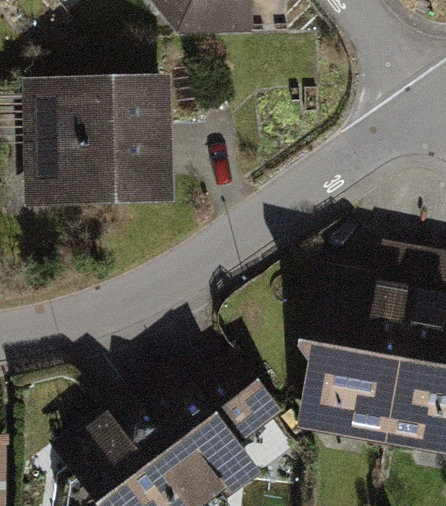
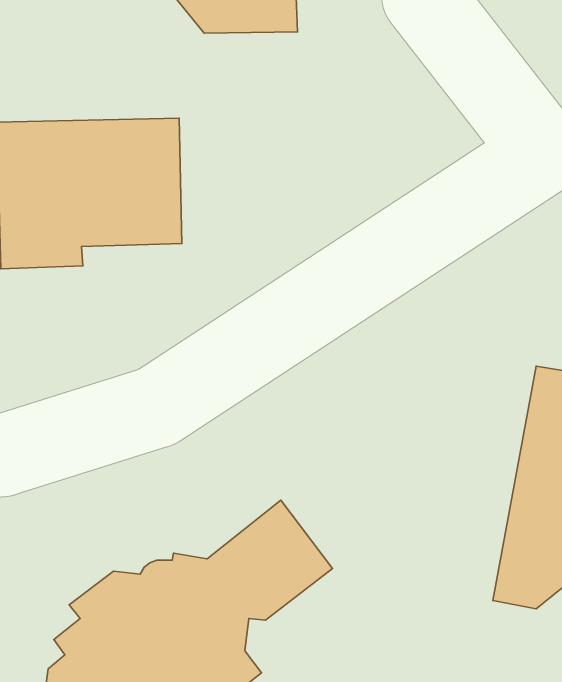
building: [316,253,427,442] -> none

